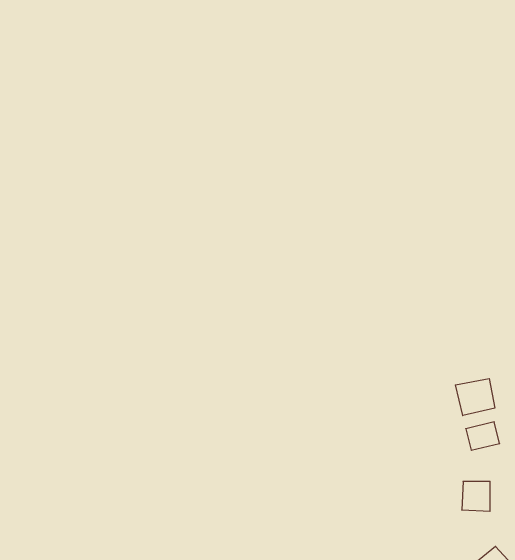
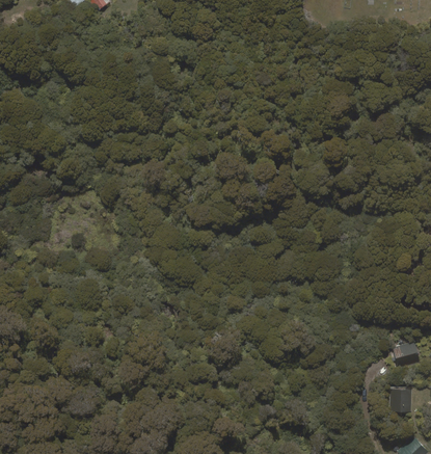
building: [455,379,495,416] -> none

